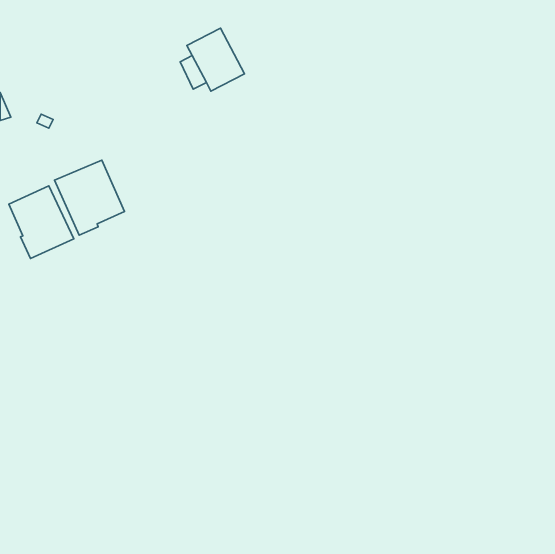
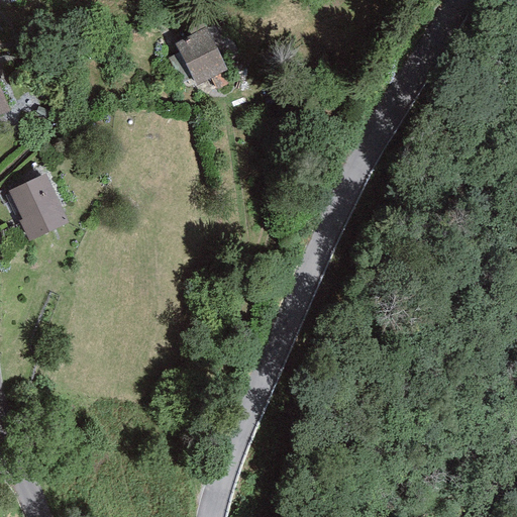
building: [55,160,125,235] -> none

